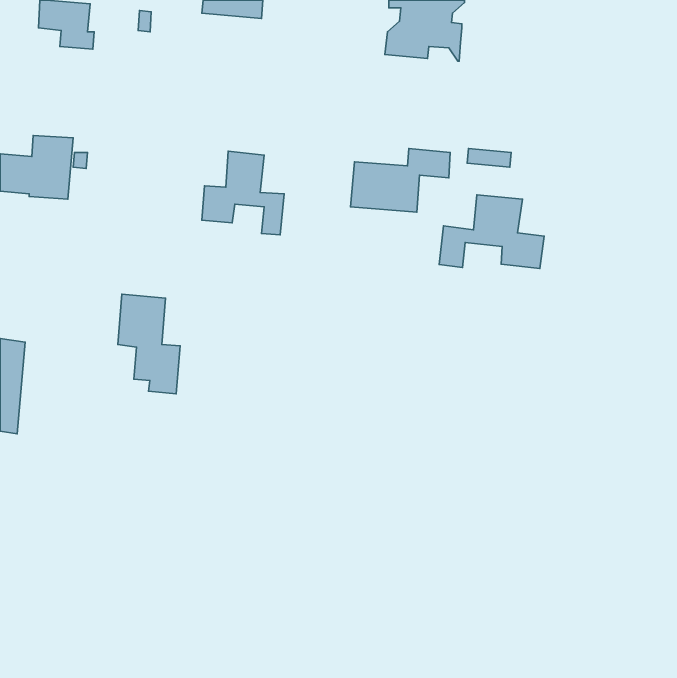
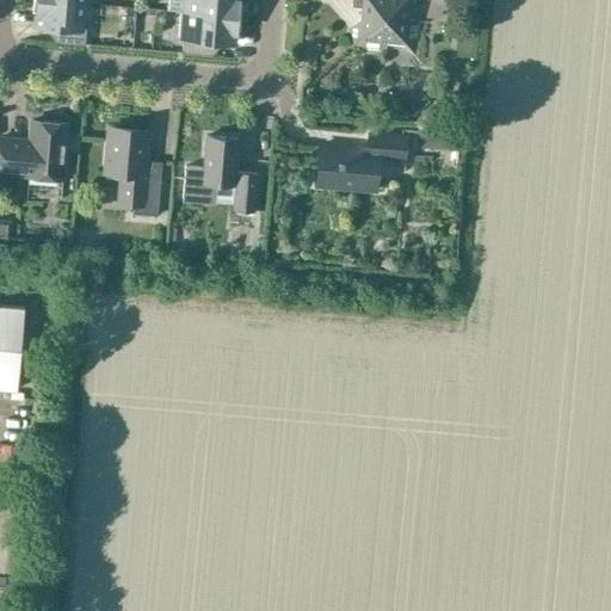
building: none -> [180,12,236,56]
building: [439,195,544,268] -> none
building: [118,294,180,394] -> [105,128,161,217]

